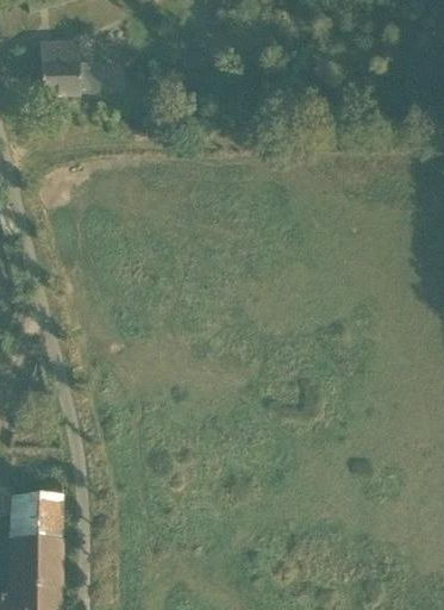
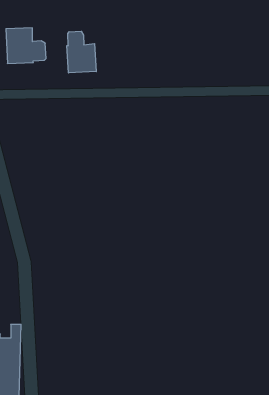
building: none -> [67,31,96,73]

